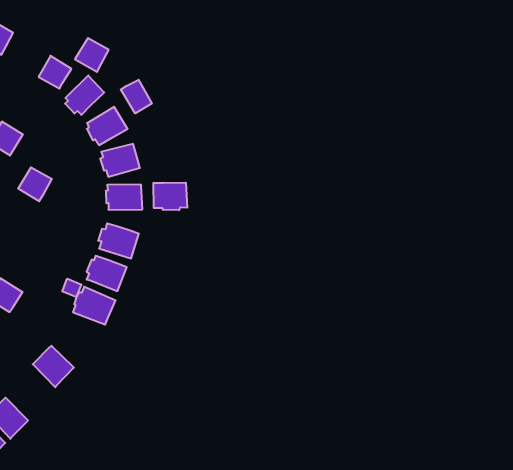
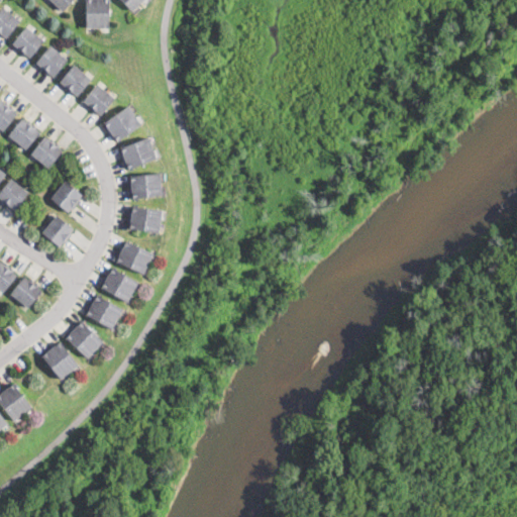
building: [75,38,109,72] -> [60,66,91,97]
building: [121,80,152,113] -> none
building: [154,183,187,210] -> none
building: none -> [42,216,74,247]
building: none -> [66,322,103,359]

